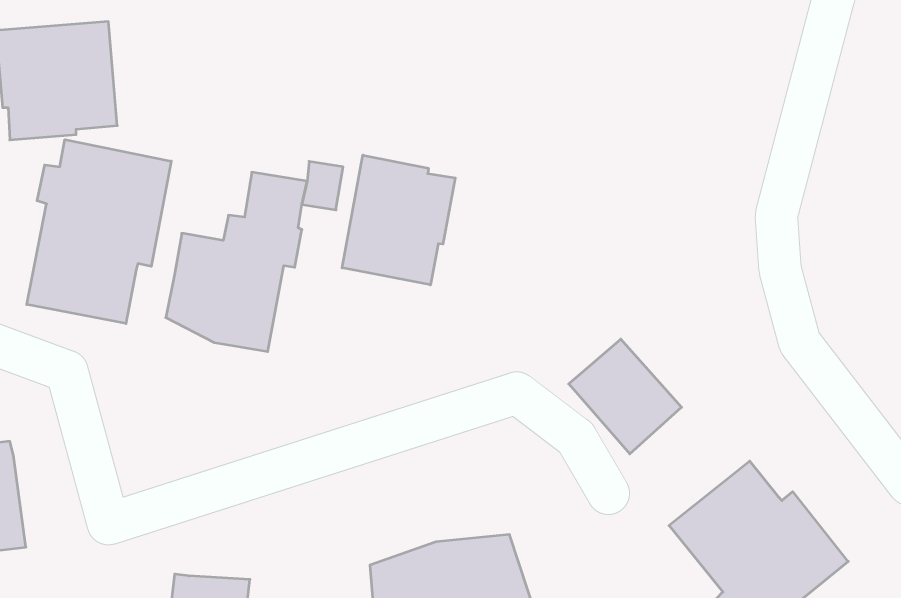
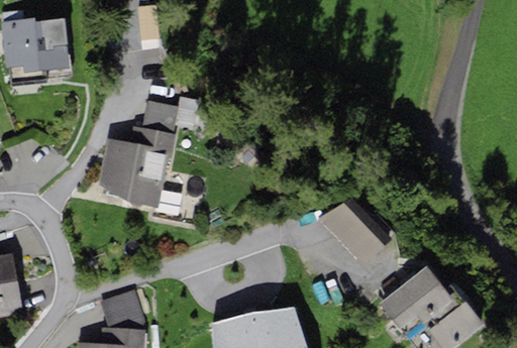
building: [27,140,171,324] -> none
building: [342,155,455,285] -> none
building: none -> [101,292,145,332]

